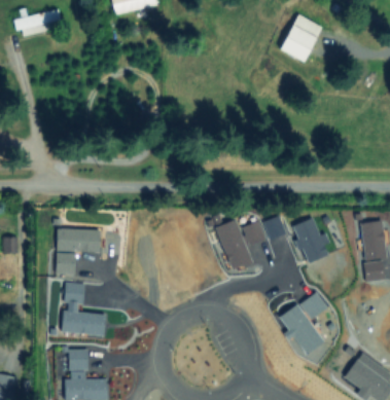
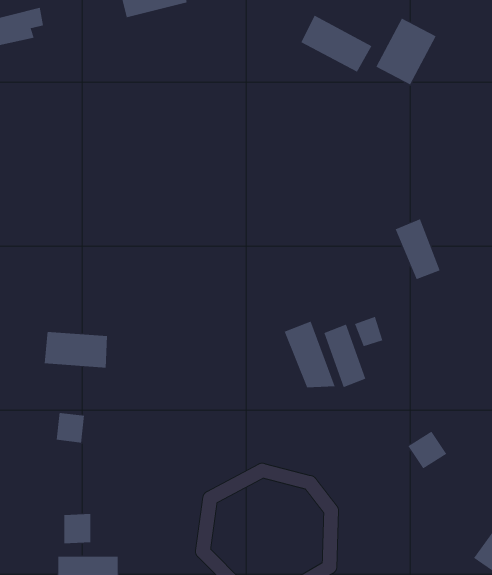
building: none -> [301,15,372,72]
building: [295,219,326,260] -> [395,219,441,280]
building: [56,253,75,274] -> none
building: [281,305,325,355] -> none
building: [62,311,106,336] -> none

